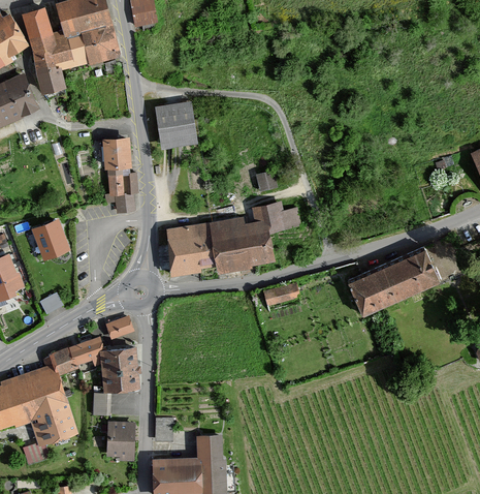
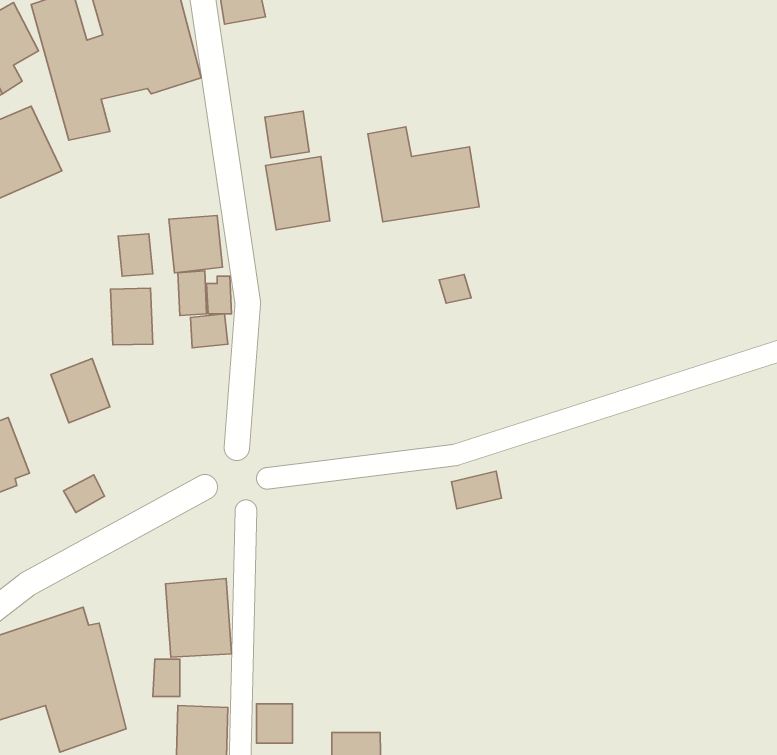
building: none -> [265,111,309,158]
building: none -> [368,127,479,222]
building: none -> [118,234,153,276]
building: none -> [111,288,153,345]
building: [168,203,298,273] -> none
building: [348,250,440,316] -> none
building: [102,314,133,341] -> none
building: [49,335,102,374] -> none

